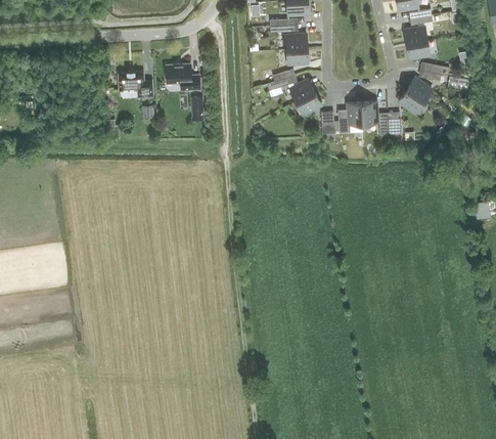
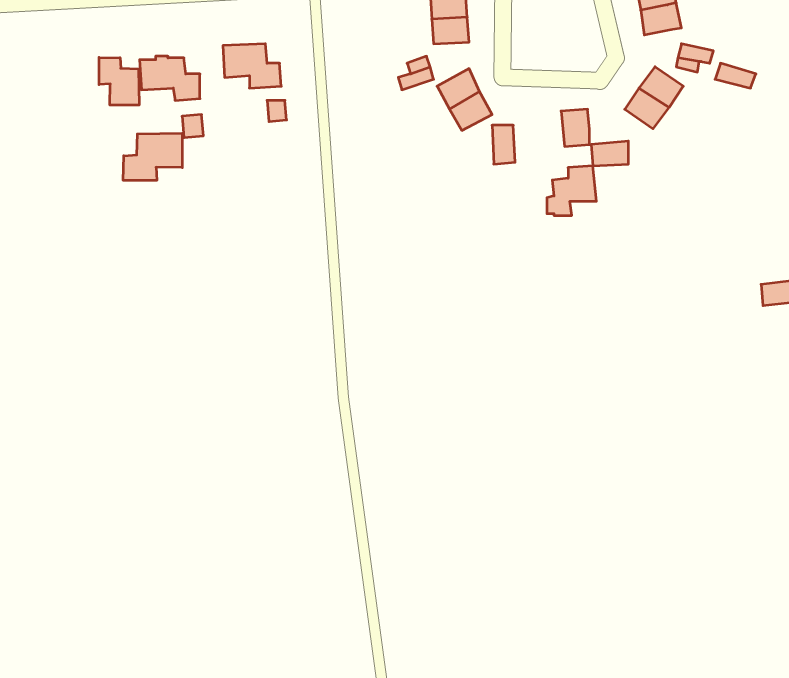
building: none -> [99,57,139,105]
building: [334,102,363,131] -> [547,166,596,215]
building: none -> [123,133,182,180]

